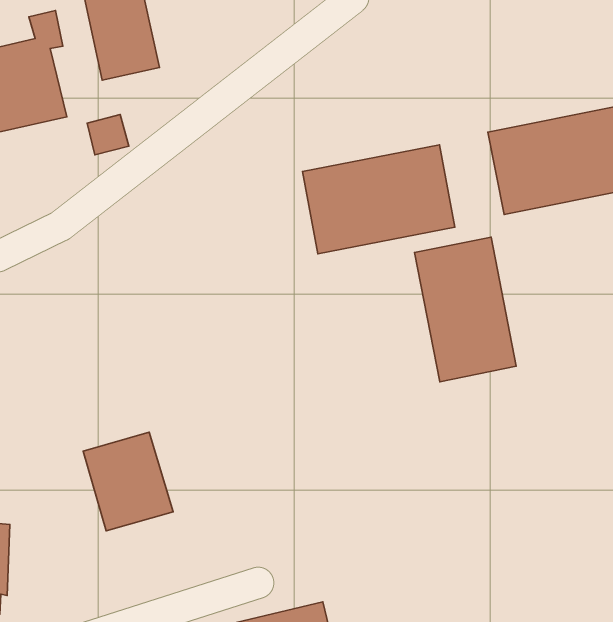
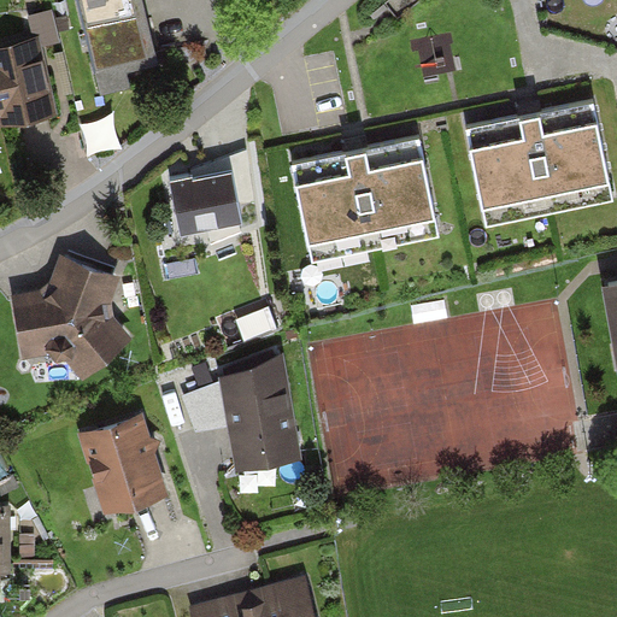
building: none -> [171,172,237,234]
building: [415,237,516,382] -> none
building: none -> [12,258,130,380]
building: none -> [186,357,298,468]

